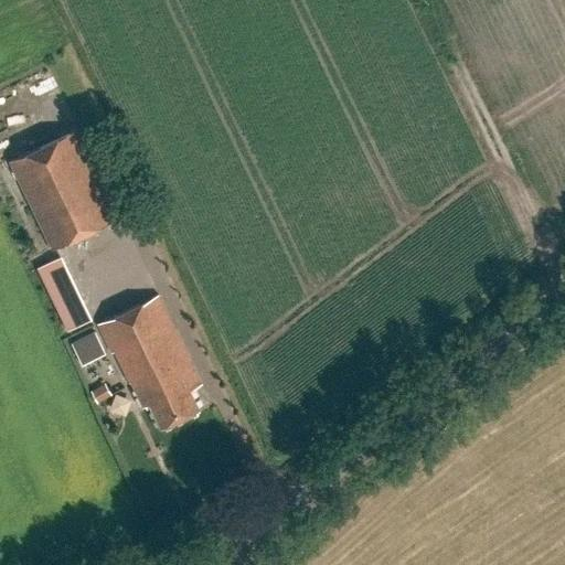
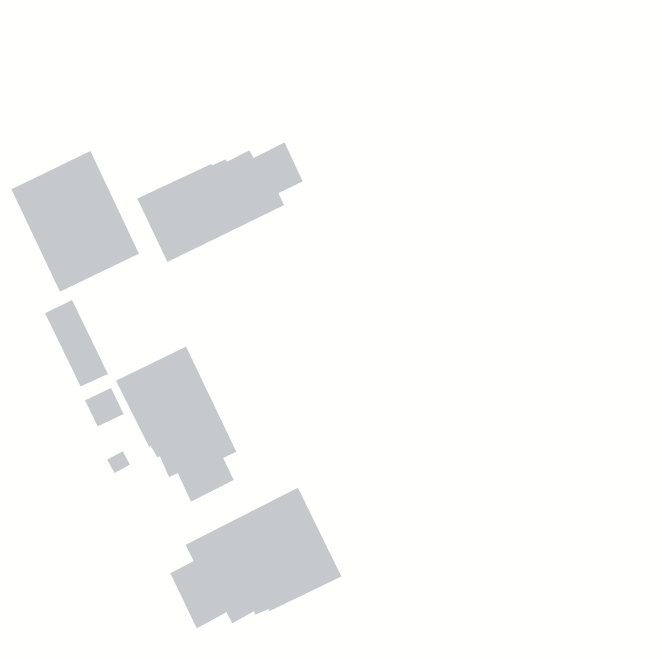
building: none -> [136,141,304,263]
building: none -> [169,487,342,629]

